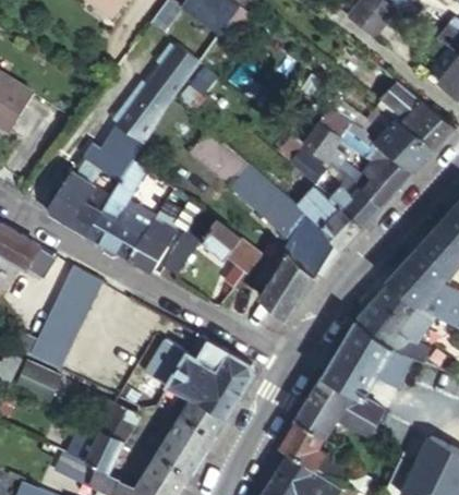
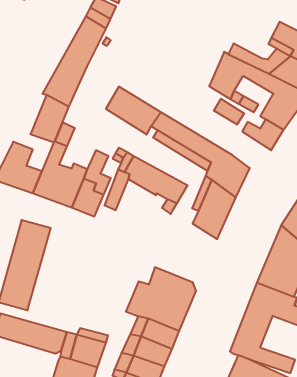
building: [312,193,362,250] -> none
building: [149,340,190,384] -> none

